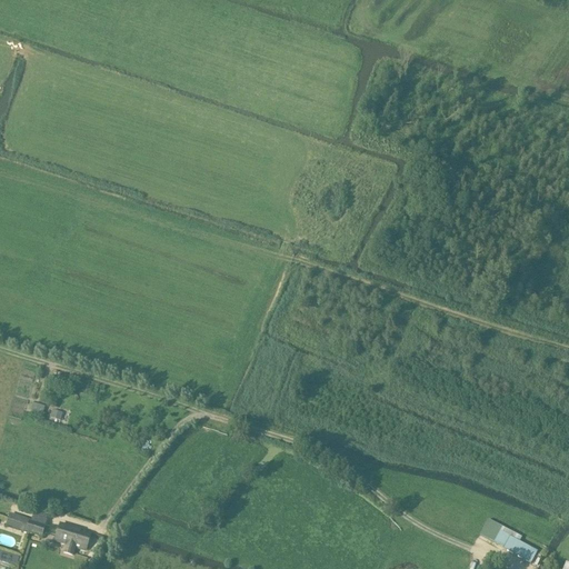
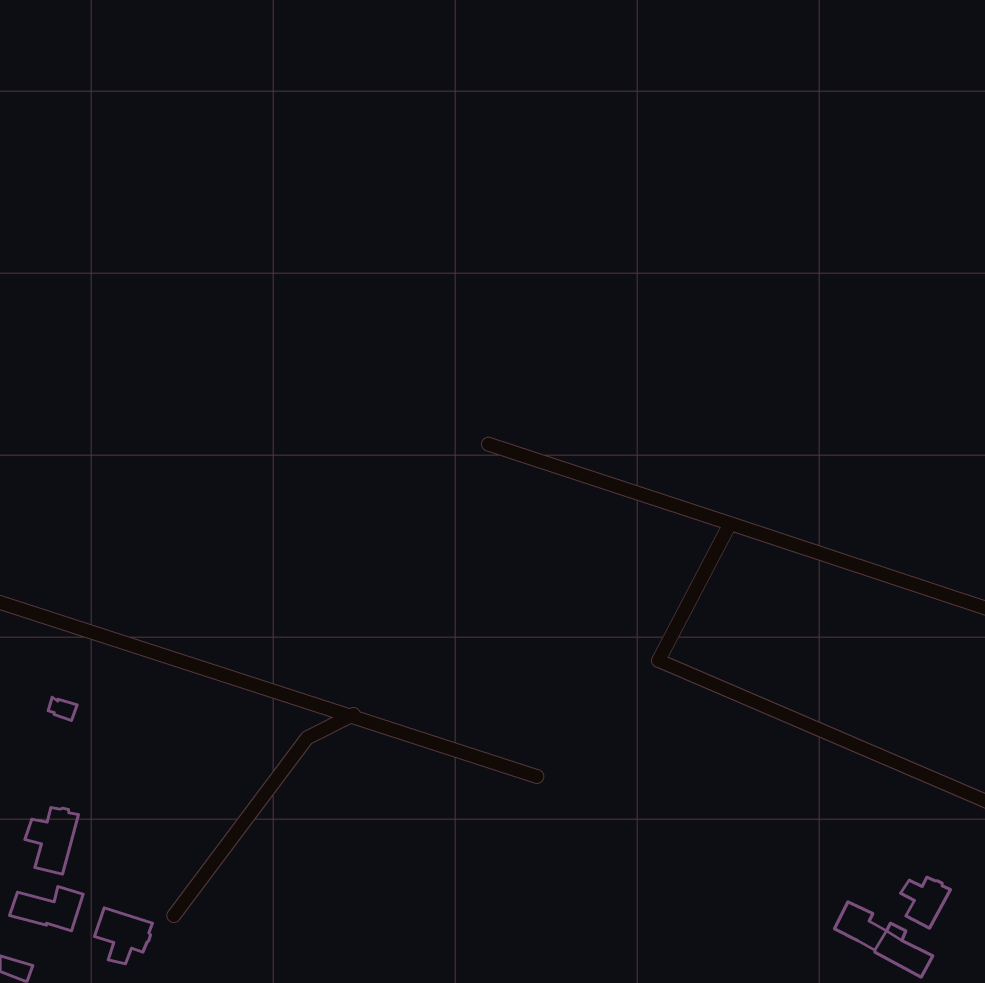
building: none -> [25,808,78,874]
building: none -> [901,877,950,928]

